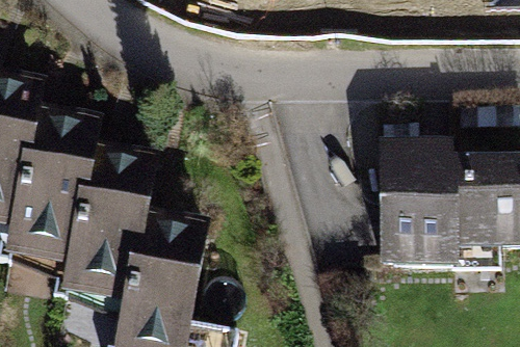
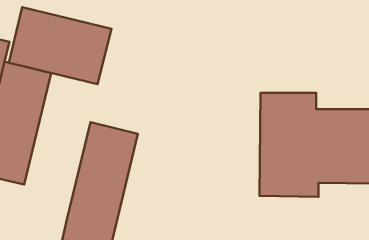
building: none -> [9,7,111,84]
building: [63,145,161,311] -> none

